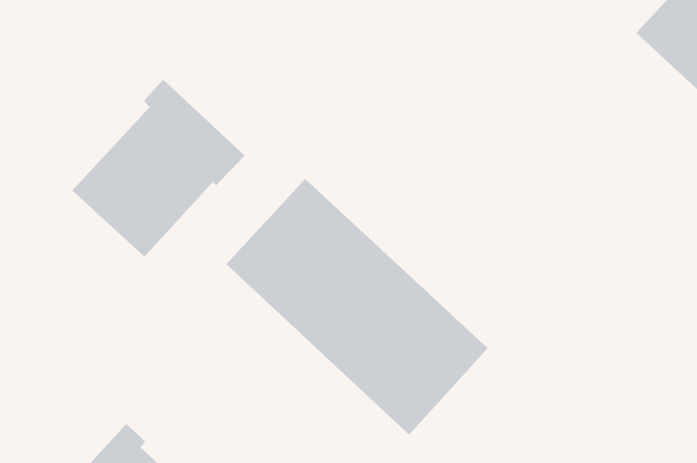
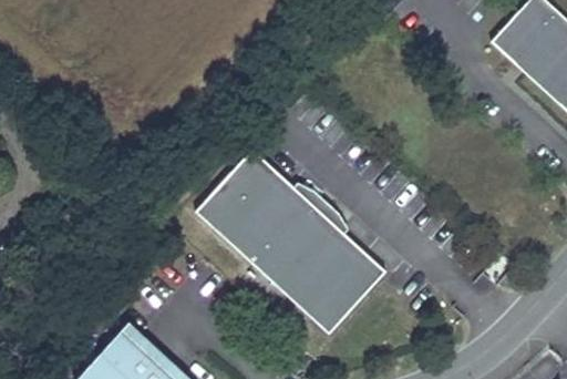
building: [72,79,245,257] -> none

